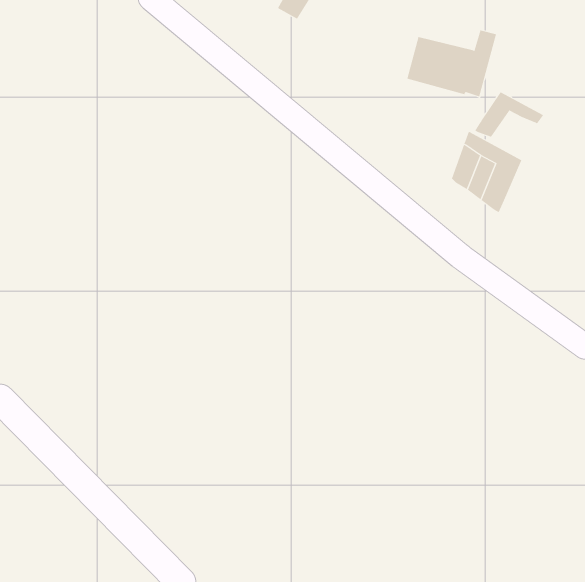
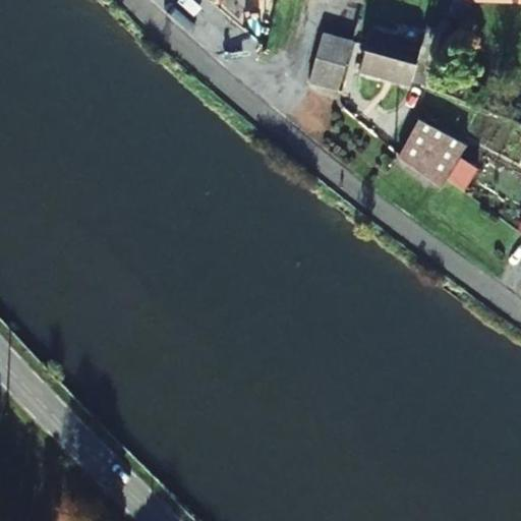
building: none -> [309,32,352,89]
building: [474,91,544,138] -> none

